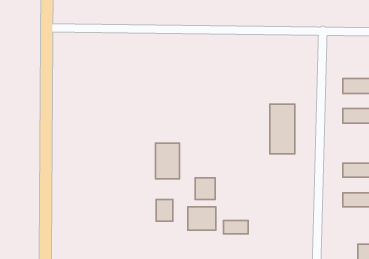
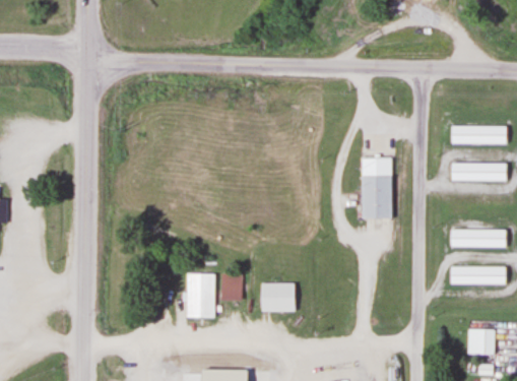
building: [156,143,180,179] -> [186,273,215,317]
building: [195,178,215,200] -> none
building: [223,220,248,234] -> none

